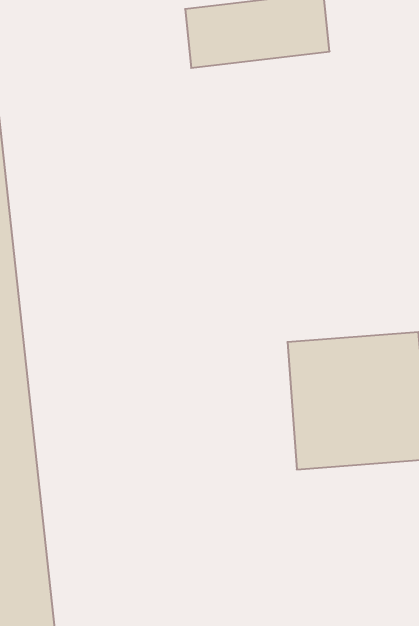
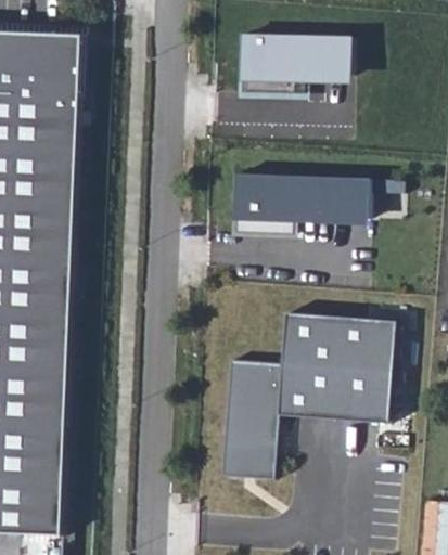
building: none -> [227,177,366,242]
building: none -> [218,359,278,476]

